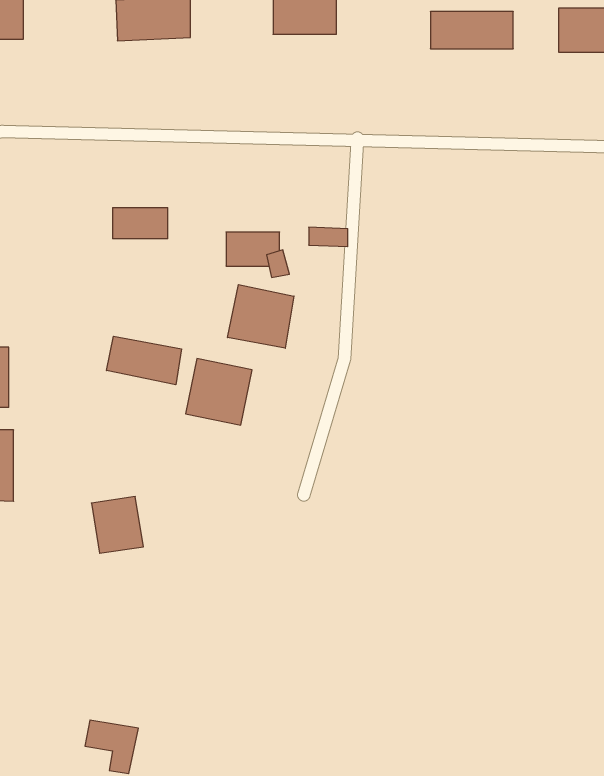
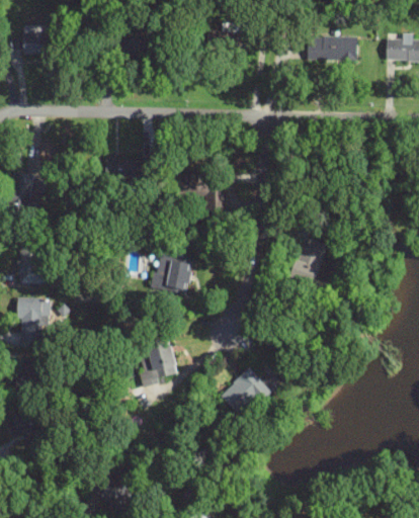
building: [228,285,294,348] -> none
building: none -> [292,237,327,284]
building: [107,336,181,385] -> none
building: [91,497,143,553] -> [142,345,174,380]
building: none -> [220,366,272,418]

